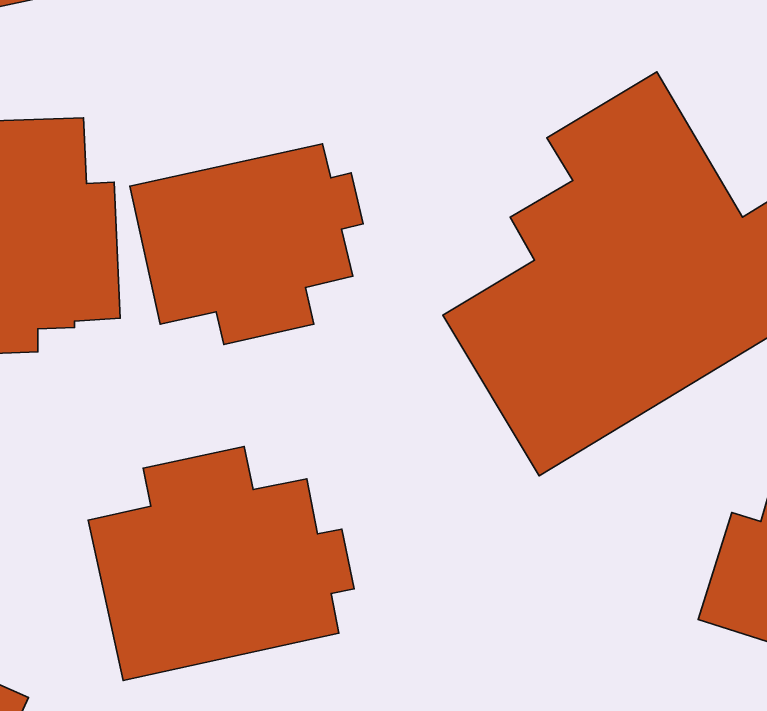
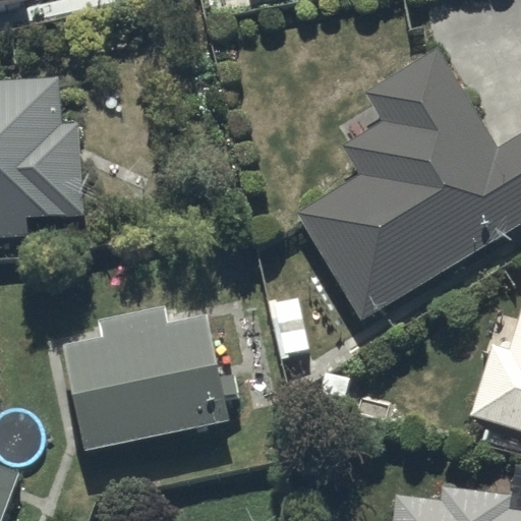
building: [130,144,363,344] -> none

